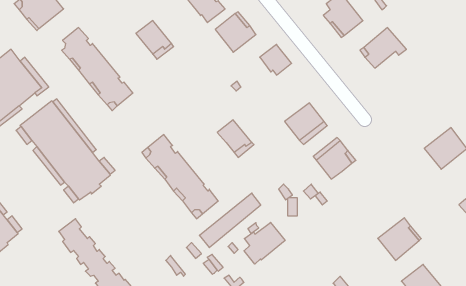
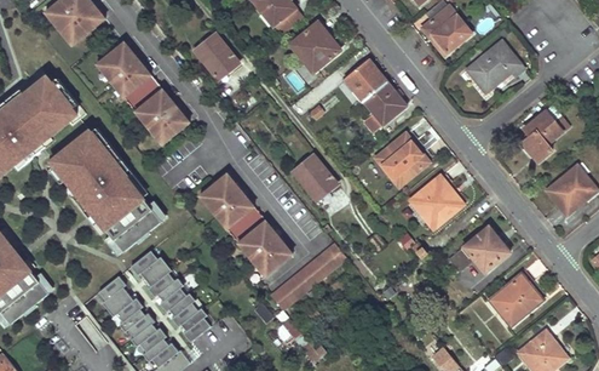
building: none -> [363,81,405,131]
building: none -> [523,112,568,161]
building: none -> [449,227,508,270]
building: none -> [132,250,212,342]
building: [244,222,285,264] -> none

